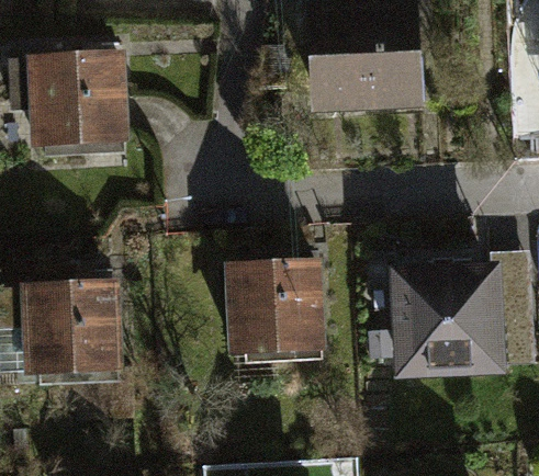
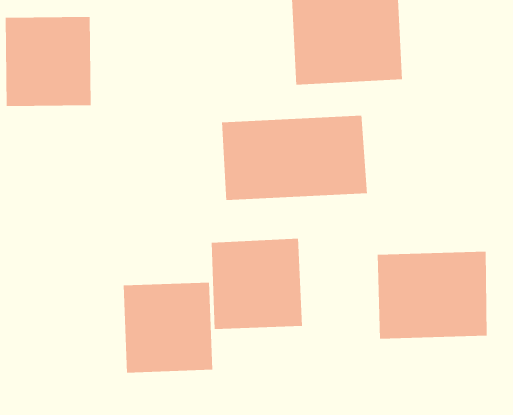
building: none -> [221,115,368,201]
building: [30,288,122,382] -> [123,282,213,373]

